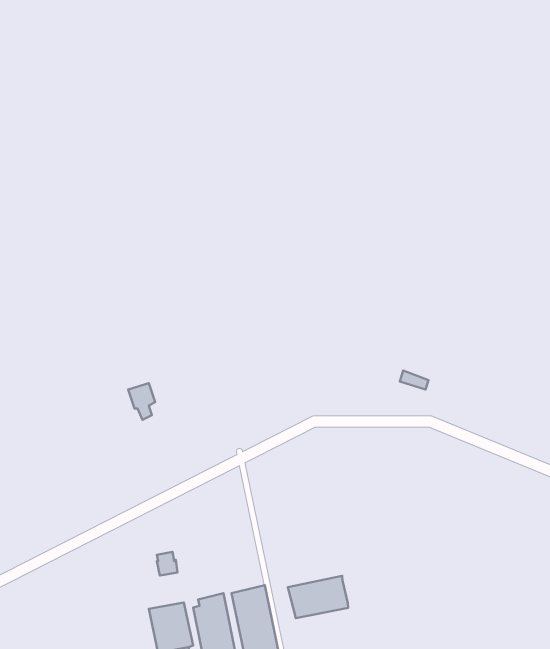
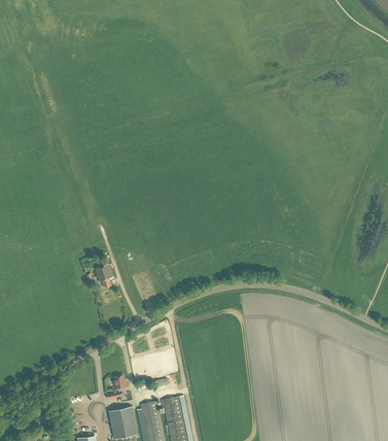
building: [288,576,348,618] -> none

